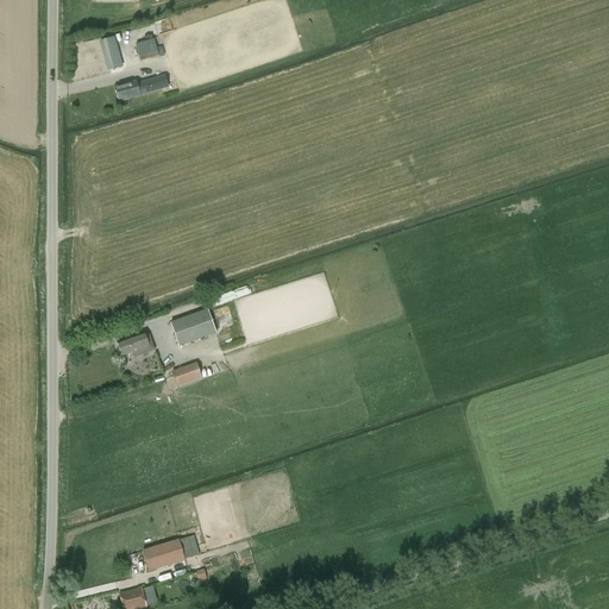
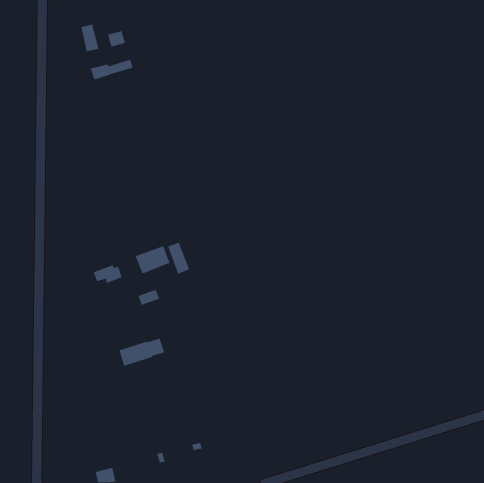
building: none -> [167,242,190,275]
building: [142,534,200,571] -> [119,338,165,367]

